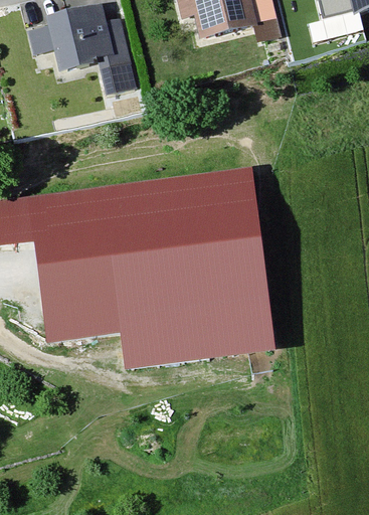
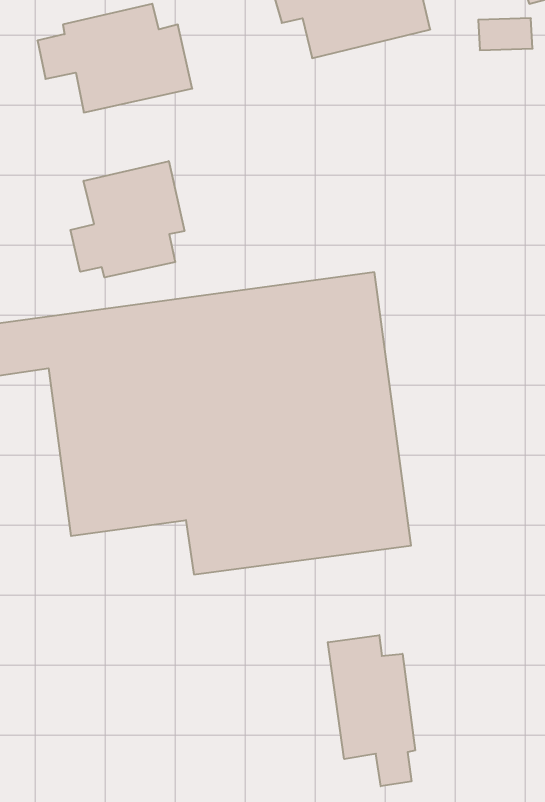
building: none -> [70,161,184,277]
building: none -> [328,635,415,786]

